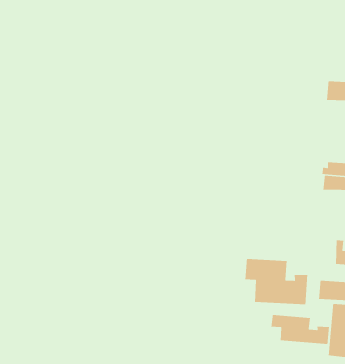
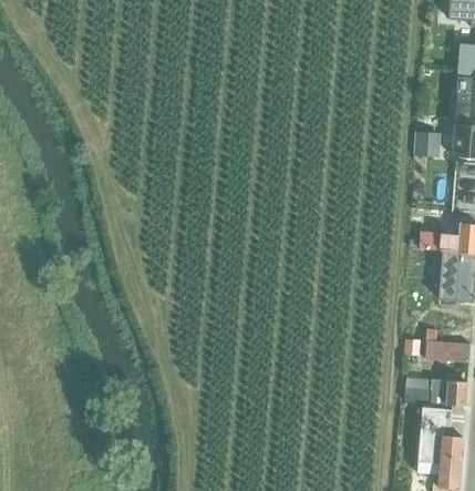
building: [244,258,308,305] -> none
building: [271,314,330,345] -> none

